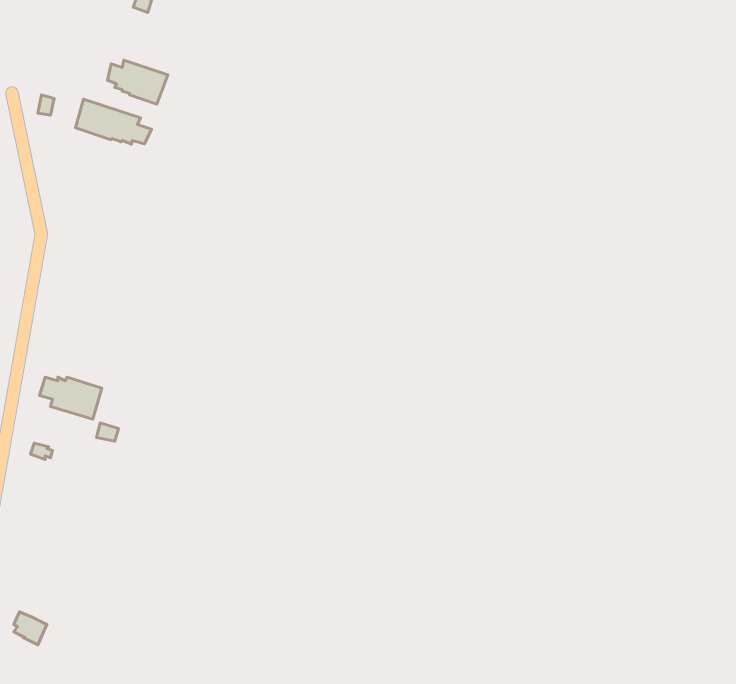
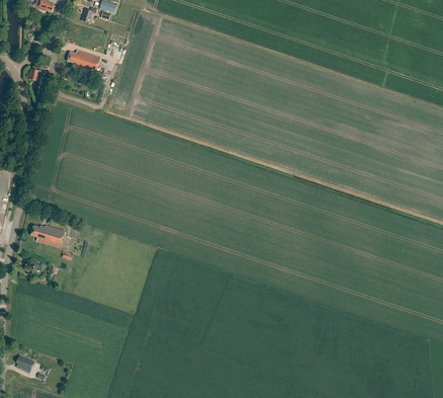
building: [76,99,152,144] -> none

